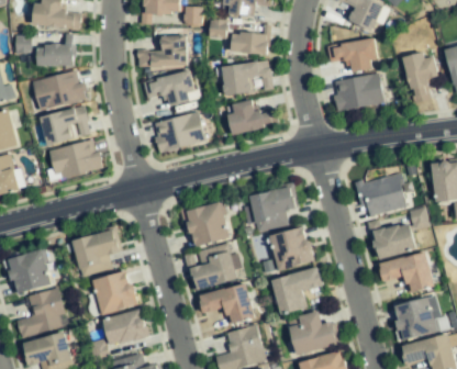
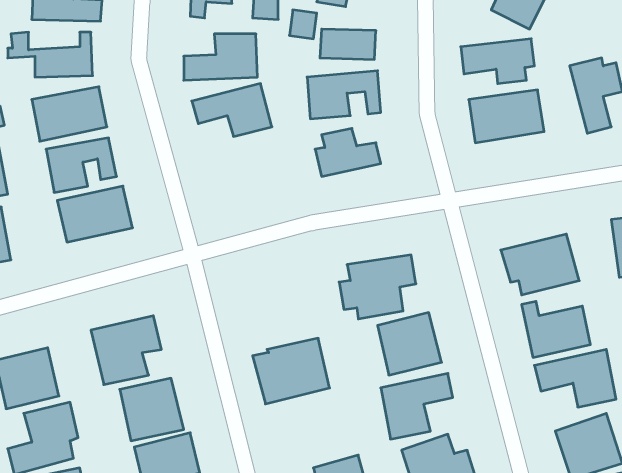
building: [154,113,207,153] -> none
building: [181,203,230,245] -> none
building: [199,284,255,323] -> none

